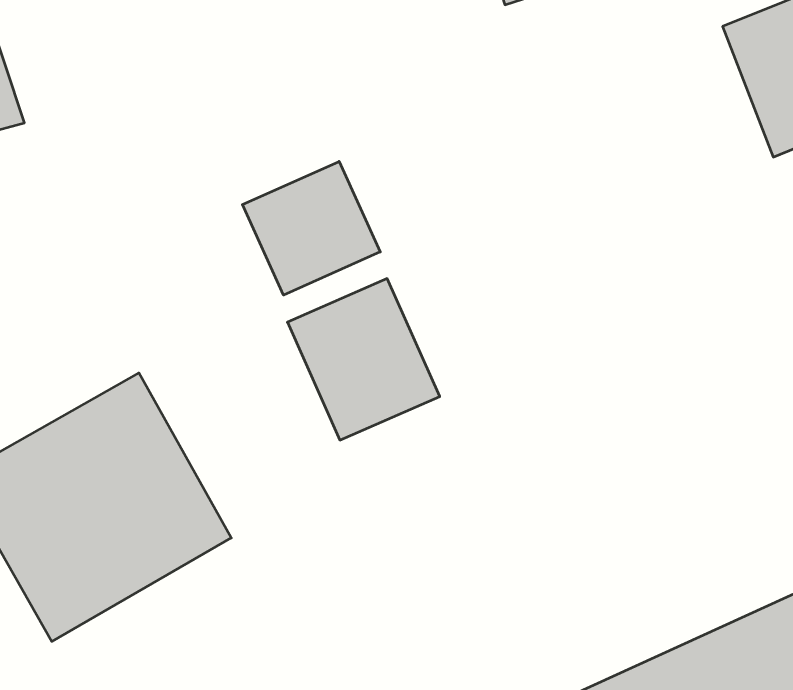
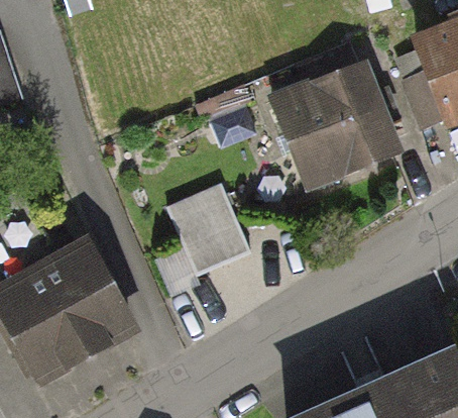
building: none -> [266,60,392,185]
building: [242,161,380,295] -> none

